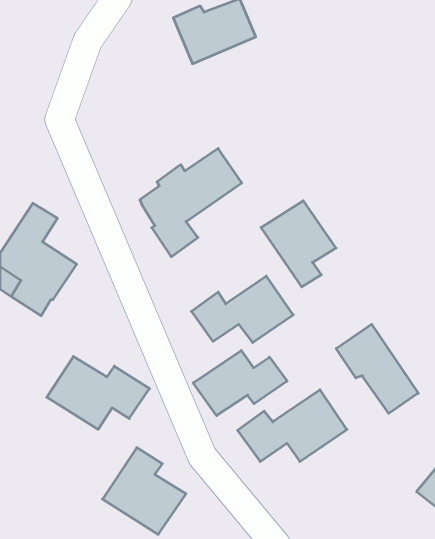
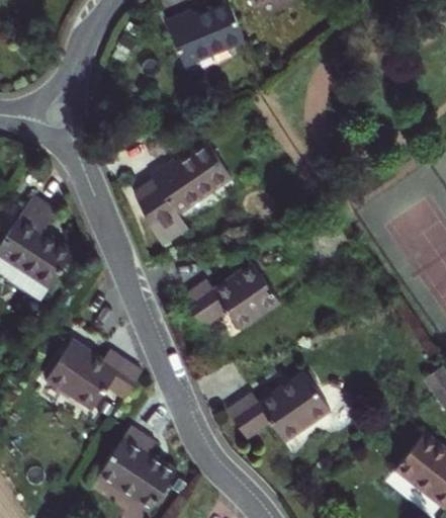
building: [261,201,336,287] -> none
building: [336,324,418,413] -> none
building: [193,350,287,416] -> none

